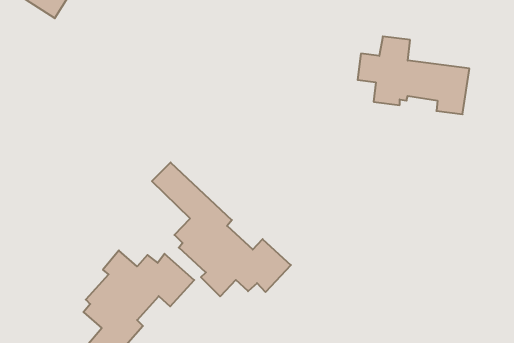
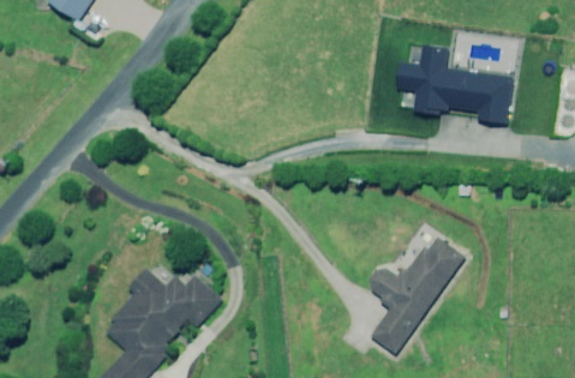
building: [152,162,291,296] -> none
building: none -> [369,233,468,354]

